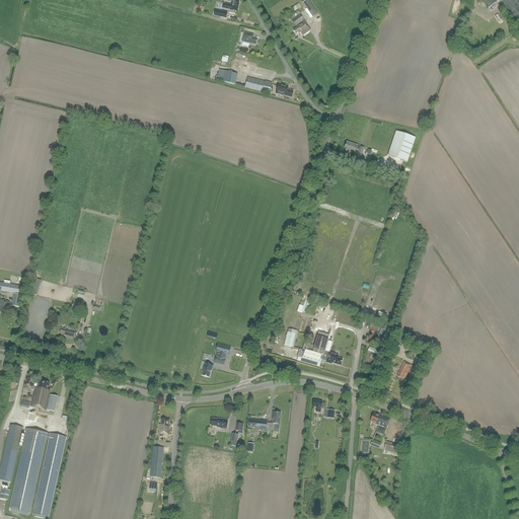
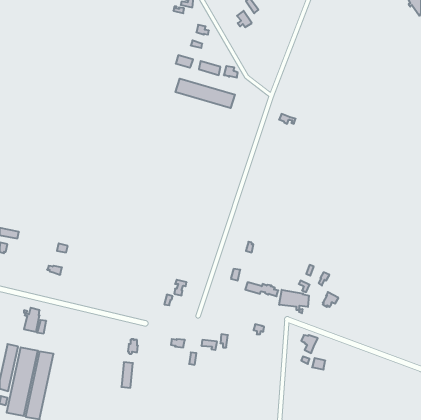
building: none -> [175,79,235,108]
building: [387,130,415,160] -> none
building: none -> [279,290,309,313]

